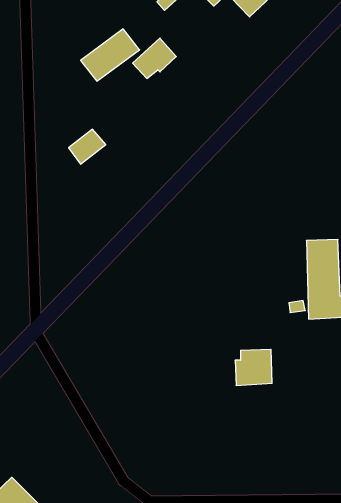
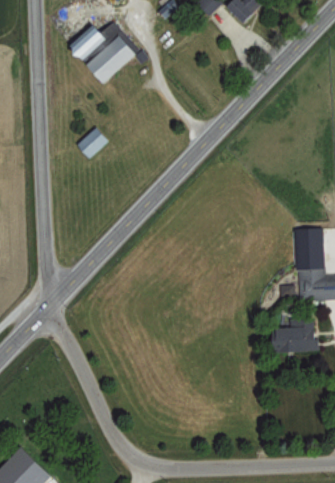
building: [133,38,176,78] -> [72,23,112,60]
building: [235,349,272,385] -> [284,320,318,353]

